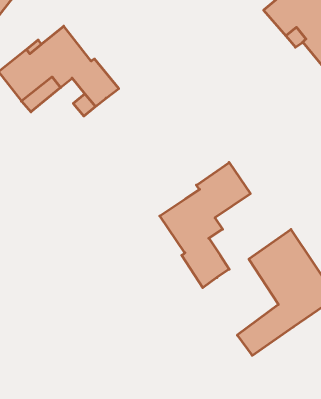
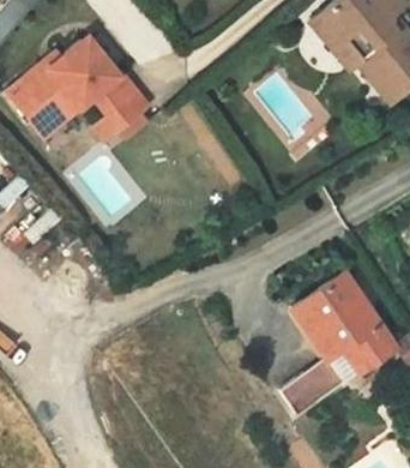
building: [160,162,250,288] -> none

